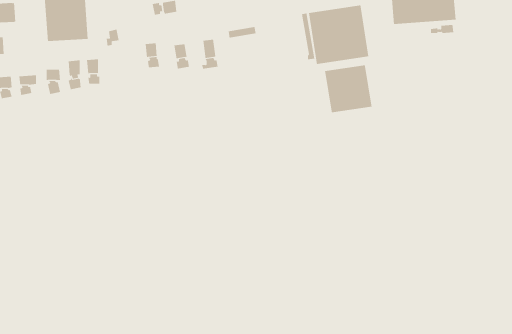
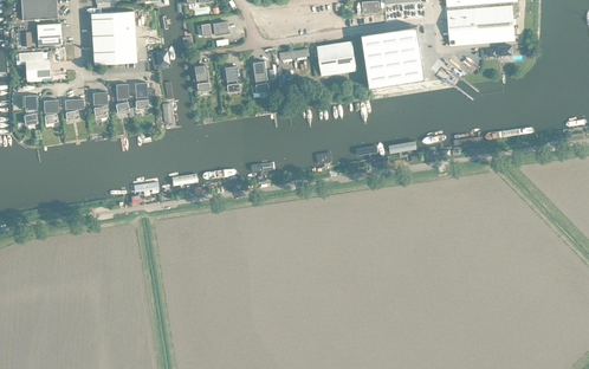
building: none -> [317,40,357,76]
building: [324,64,372,113] -> none

